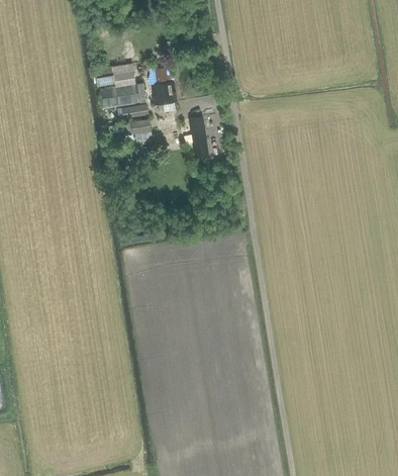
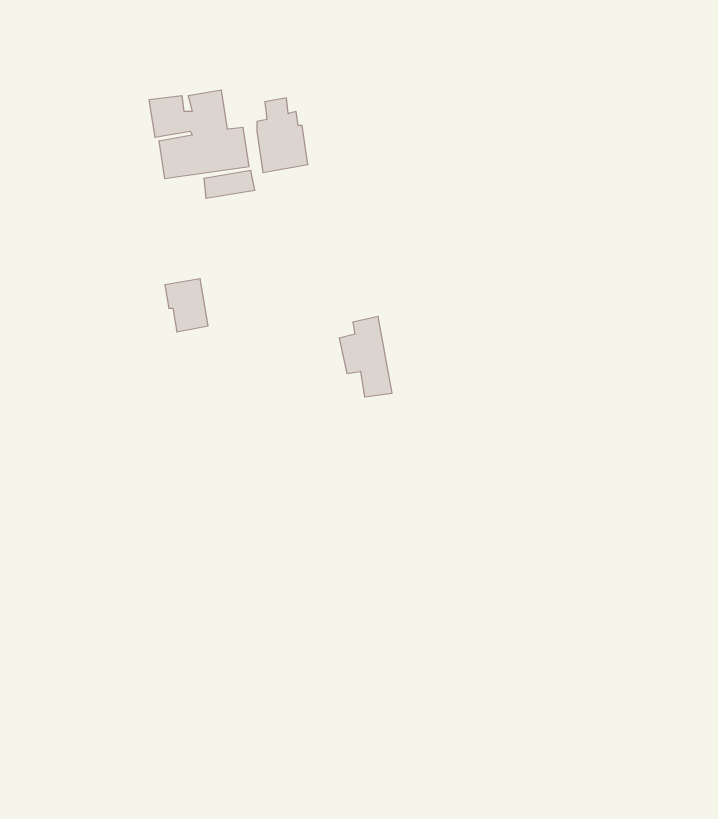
building: [184,116,211,158] -> [339,316,392,397]
building: [132,118,155,146] -> [165,279,208,332]

